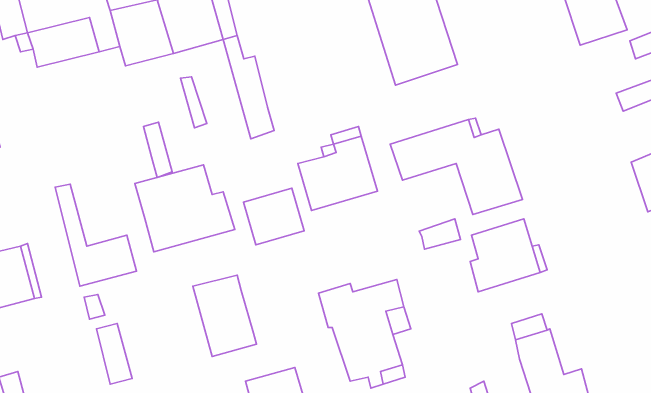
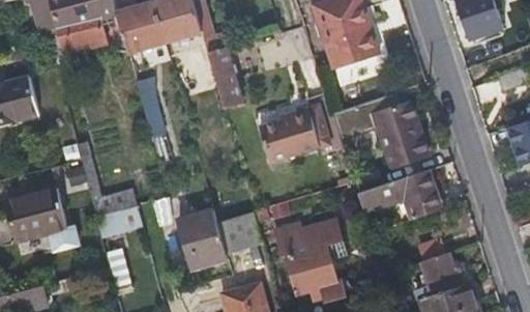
building: [135,165,235,252] -> none
building: [243,188,304,245] -> [216,212,262,255]

